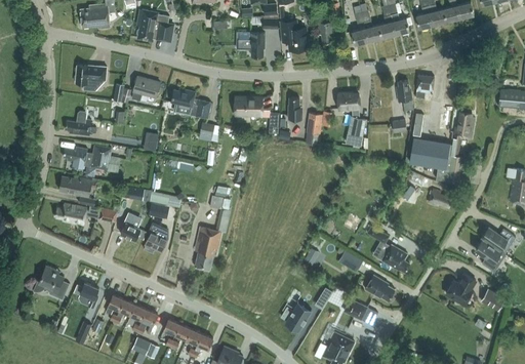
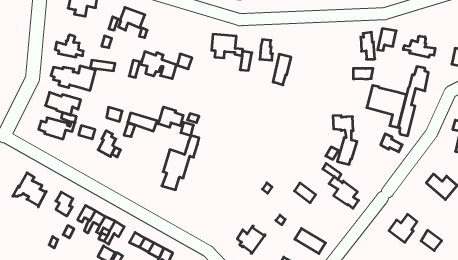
building: none -> [403,36,435,57]
building: [171,91,210,118] -> [141,52,177,79]
building: [336,92,365,145] -> [333,116,357,164]
building: none -> [158,107,183,127]
building: [144,223,168,253] -> none
building: [475,238,504,272] -> none
building: [364,275,394,300] -> none

